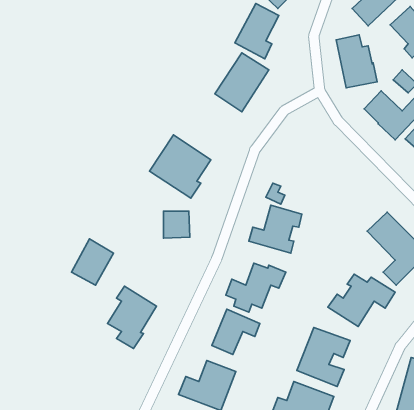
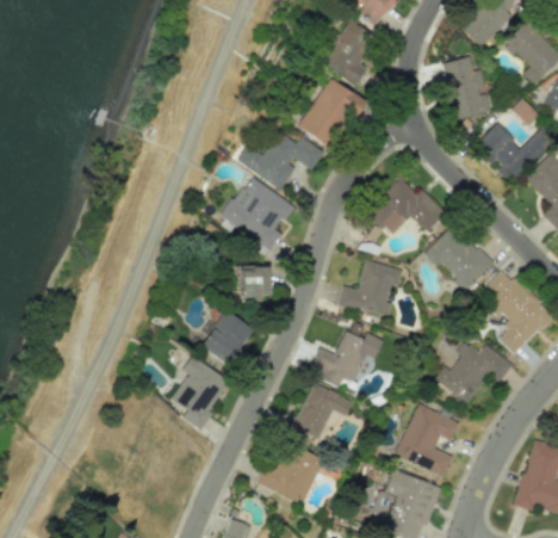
building: none -> [237,131,326,188]
building: none -> [368,179,446,236]
building: none -> [424,224,492,292]
building: [71,239,114,285] -> [203,309,253,364]

